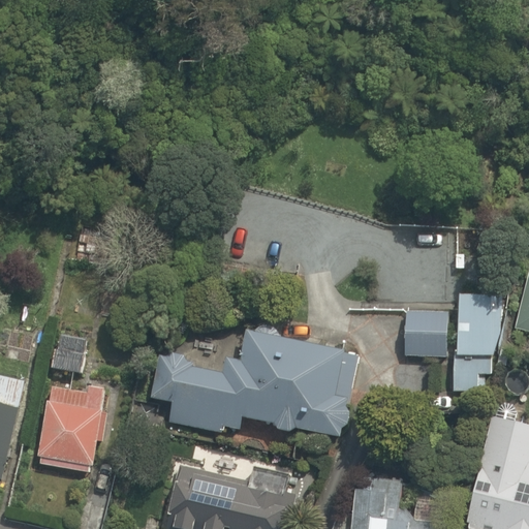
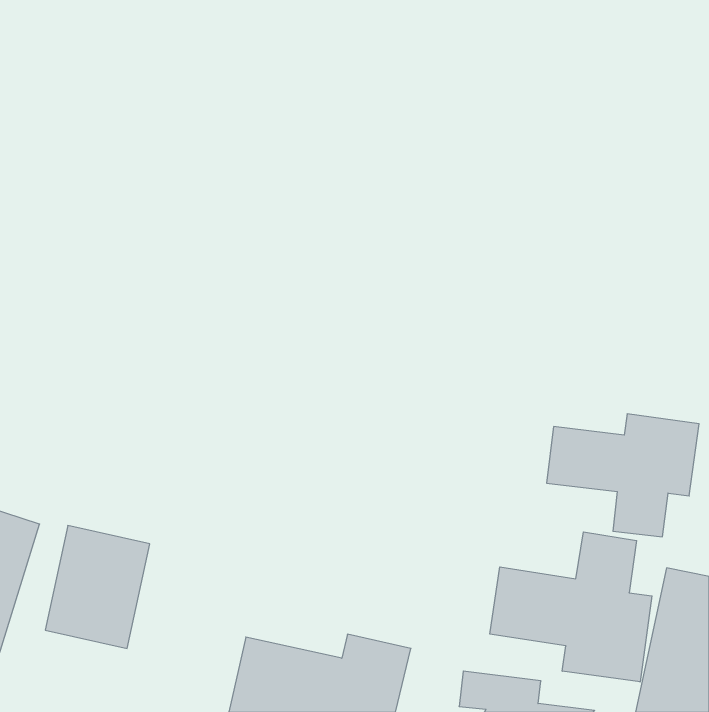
building: [155,329,368,443] -> none
building: none -> [490,532,652,682]

